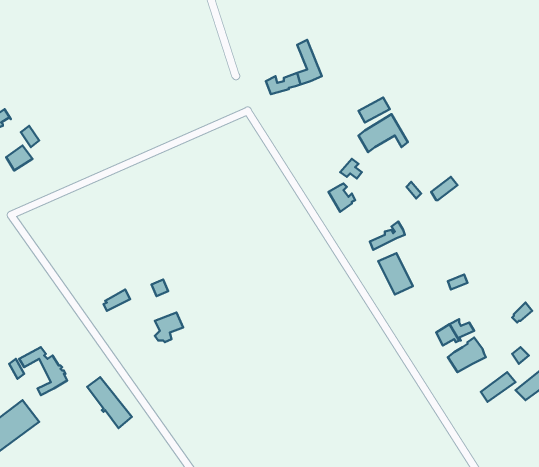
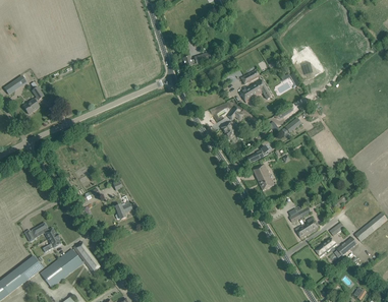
building: none -> [41,249,82,287]

